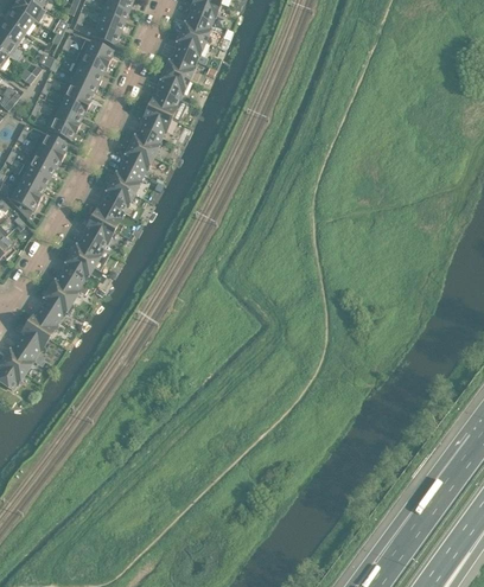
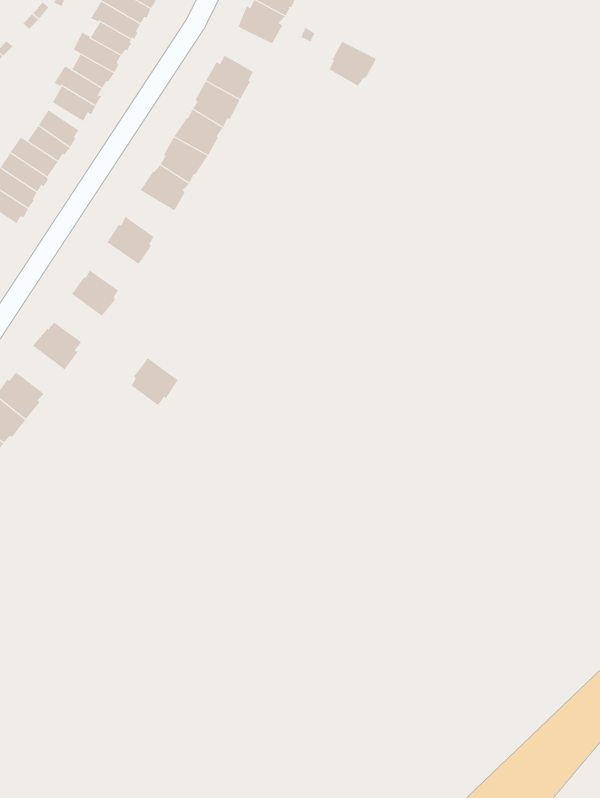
building: [159,70,190,98] -> [329,41,377,86]
building: [103,181,135,211] -> none
building: [83,217,115,248] -> none
building: [63,253,94,283] -> [131,358,179,406]
building: [40,288,72,319] -> none

